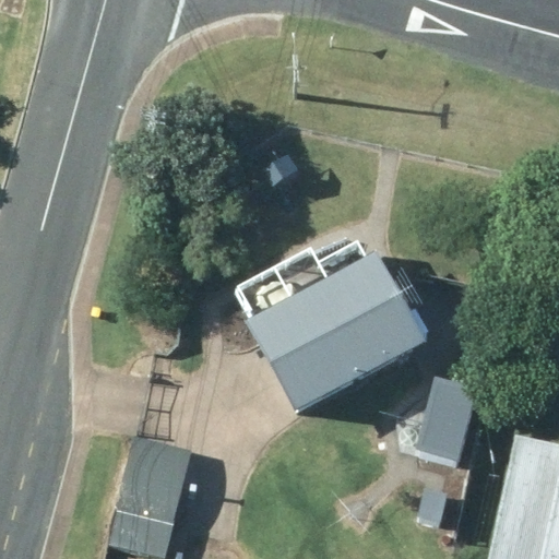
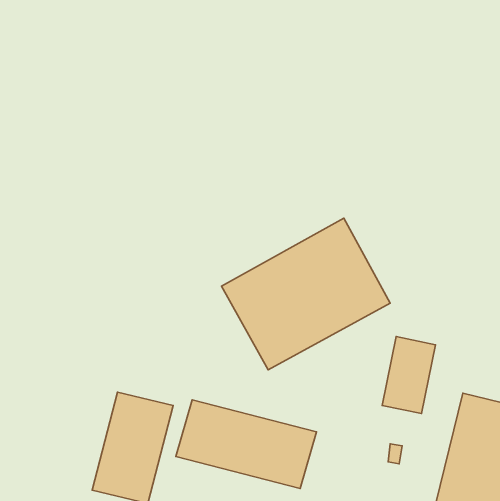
building: none -> [176,400,316,489]

